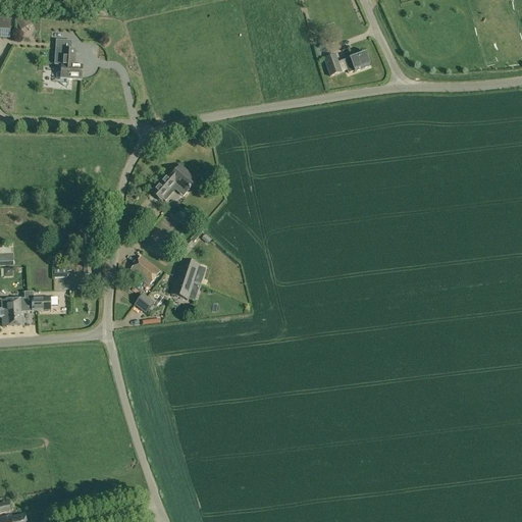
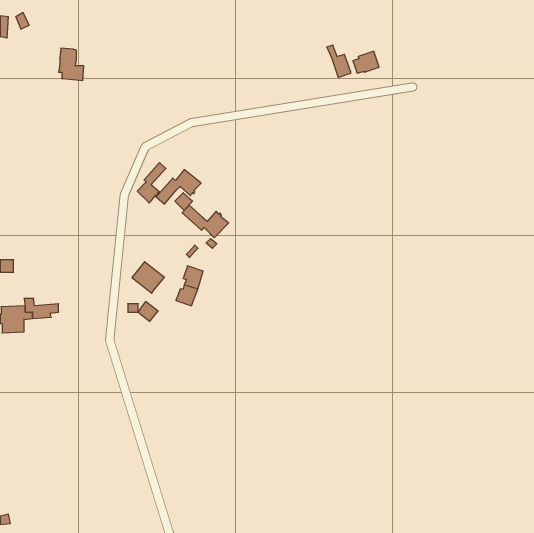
building: none -> [137,163,166,203]
building: none -> [182,205,229,238]

